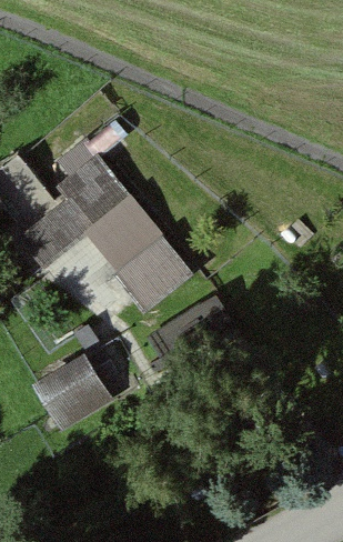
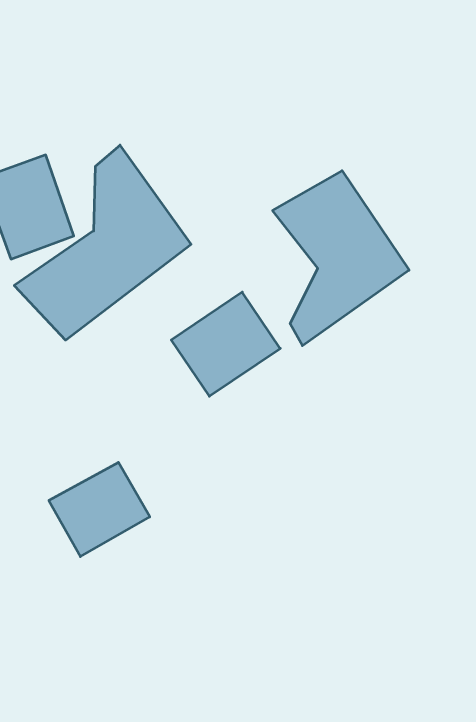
building: none -> [273,171,409,346]

